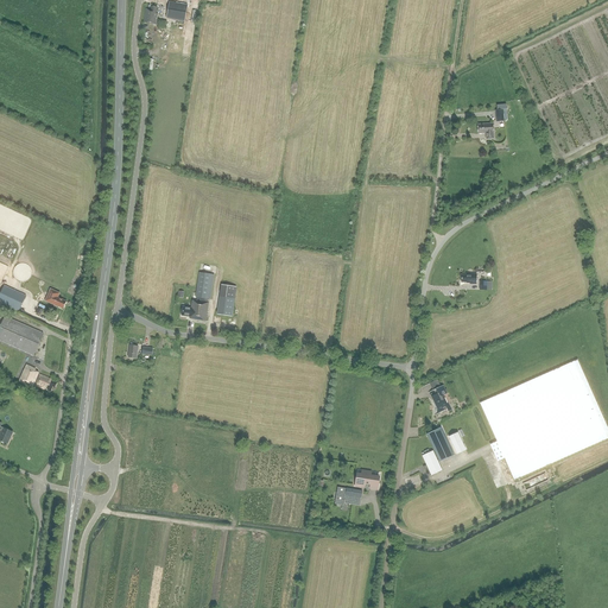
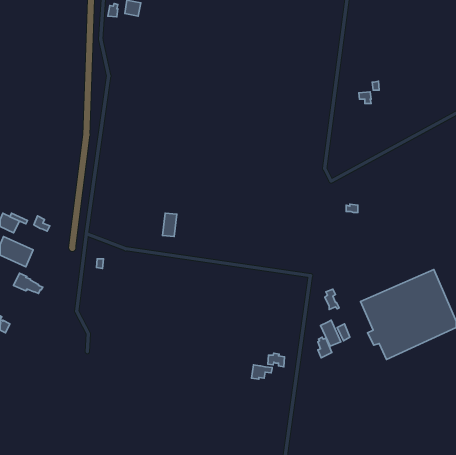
building: [182,271,214,319] -> none

